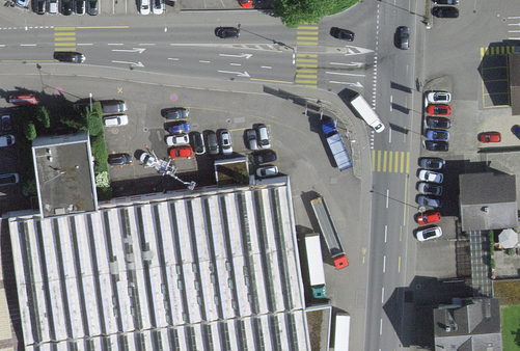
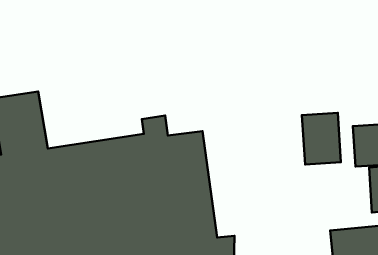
building: none -> [302,113,341,164]

